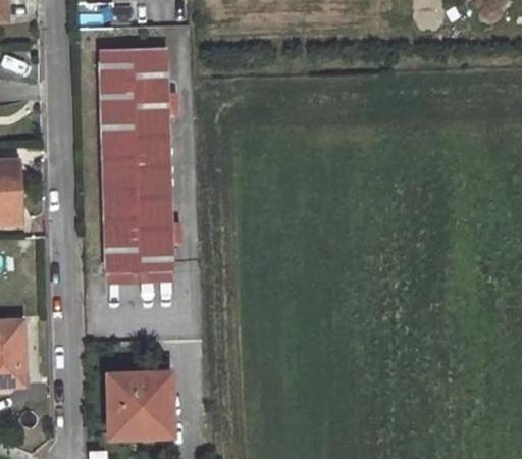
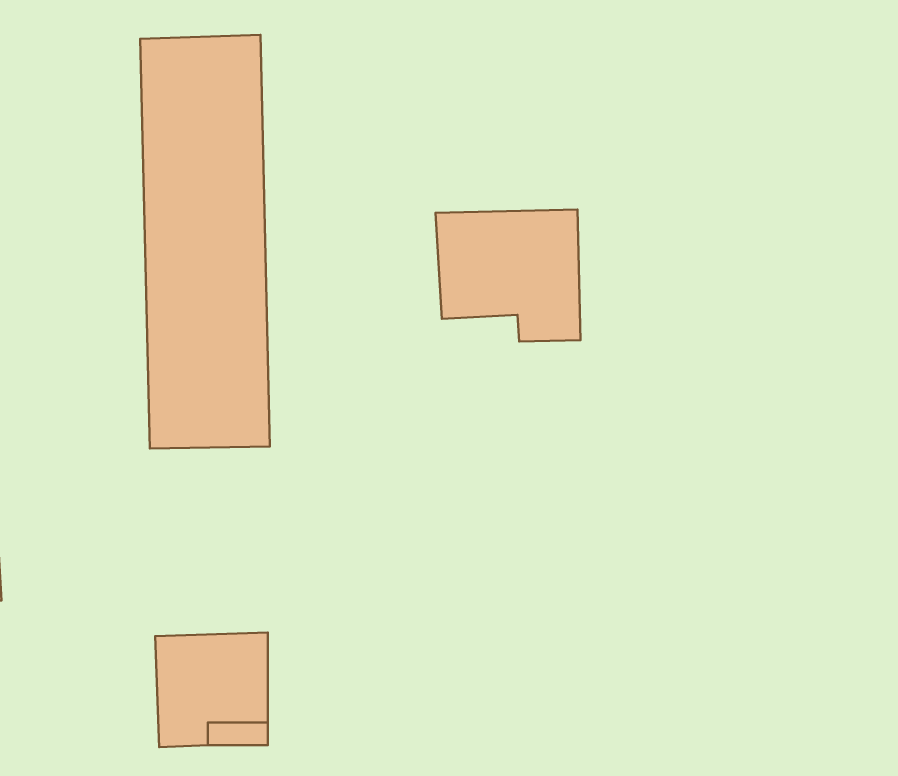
building: none -> [436,209,581,341]

